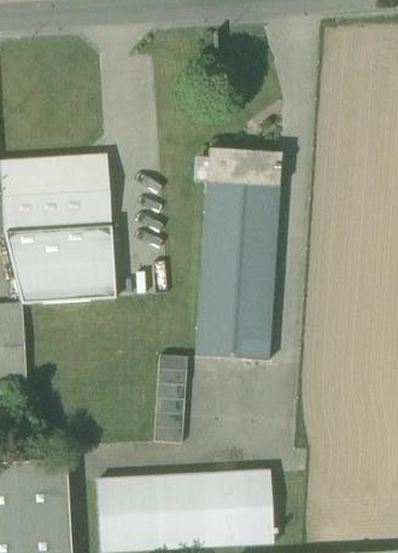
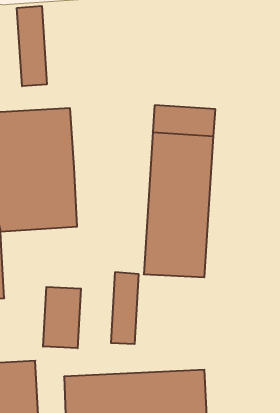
building: none -> [17,6,47,86]
building: none -> [43,287,81,348]

